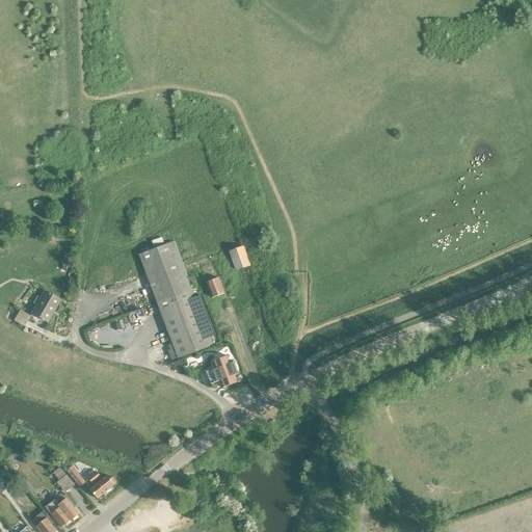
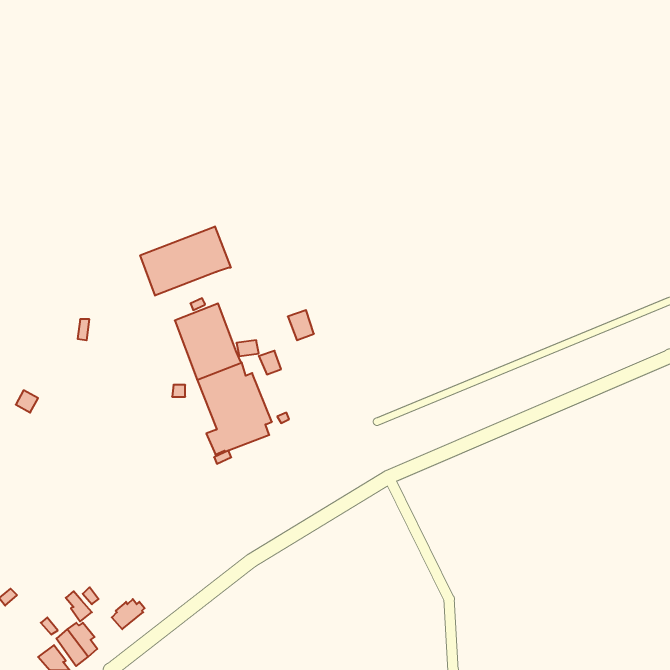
building: none -> [140,226,231,296]
building: [31,290,59,321] -> none
building: [205,354,237,387] -> none

